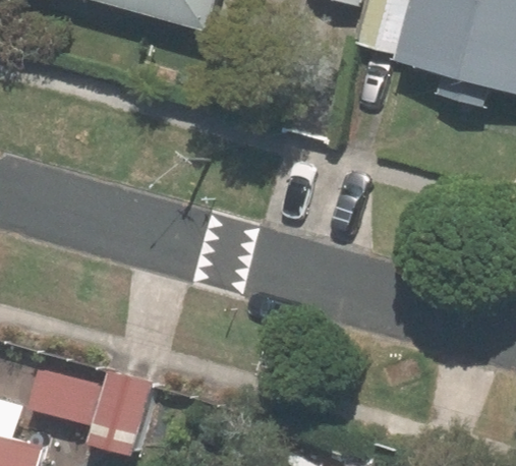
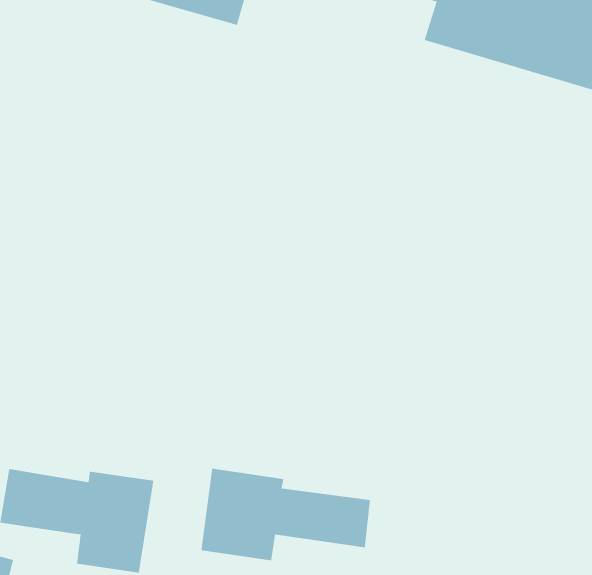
building: none -> [201,468,371,561]

